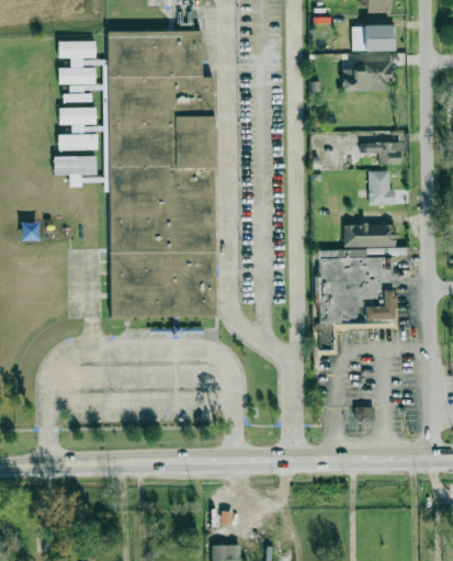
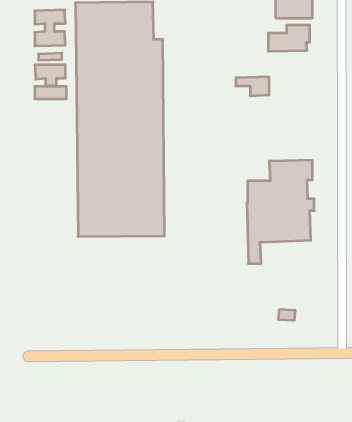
building: [361,141,401,164] -> [236,77,269,96]
building: [54,155,95,175] -> none
building: [369,170,394,204] -> none

